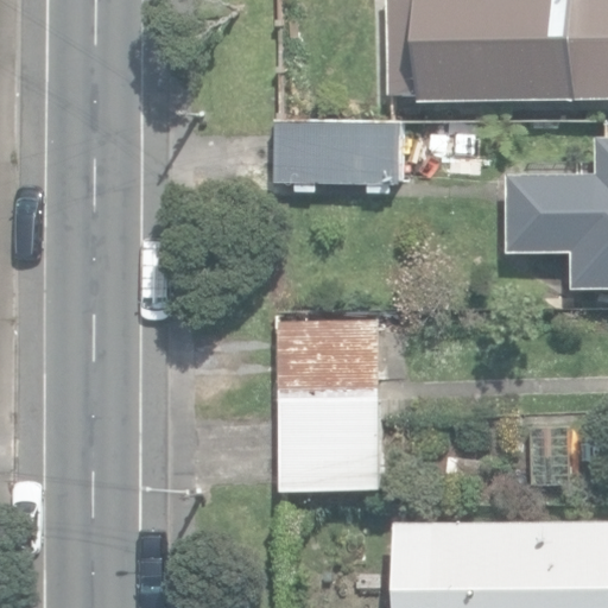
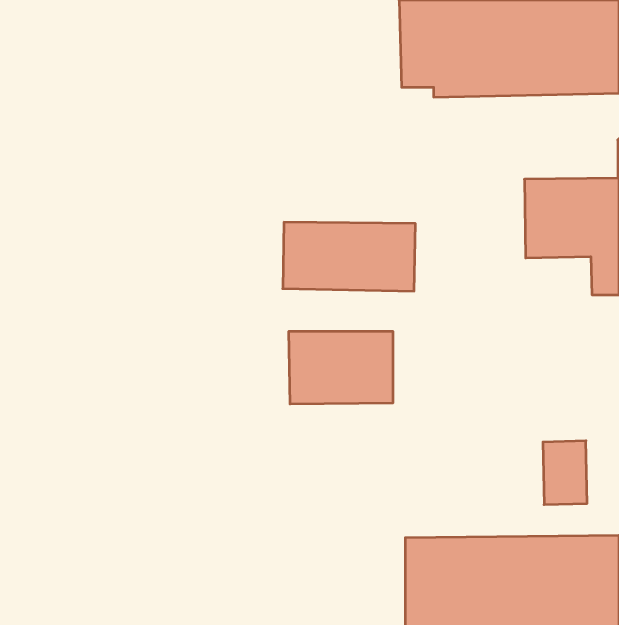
building: [272,119,400,185] -> [283,222,415,291]
building: [280,399,380,493] -> none

